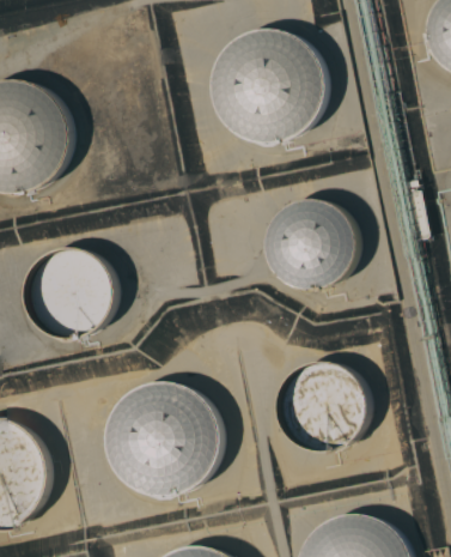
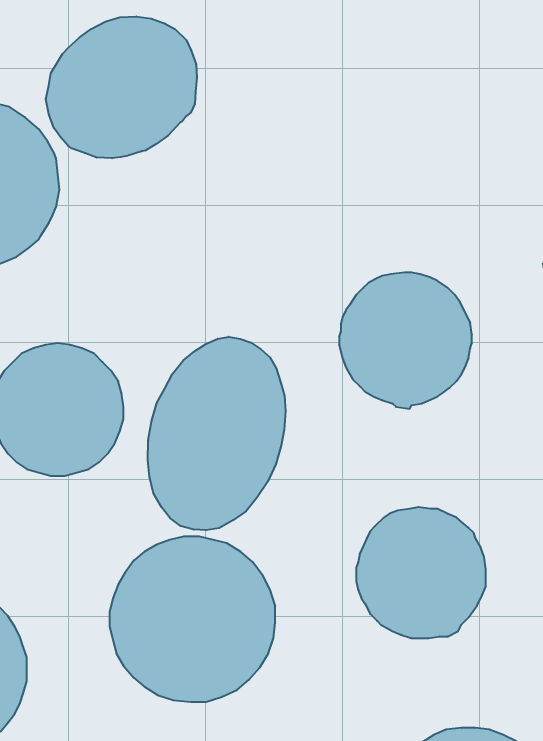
building: none -> [46,16,197,158]
building: [214,28,328,146] -> none
building: none -> [148,337,286,530]

